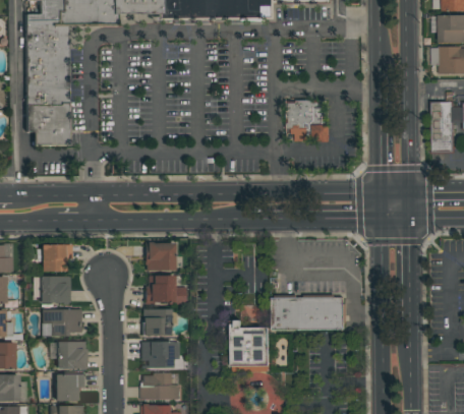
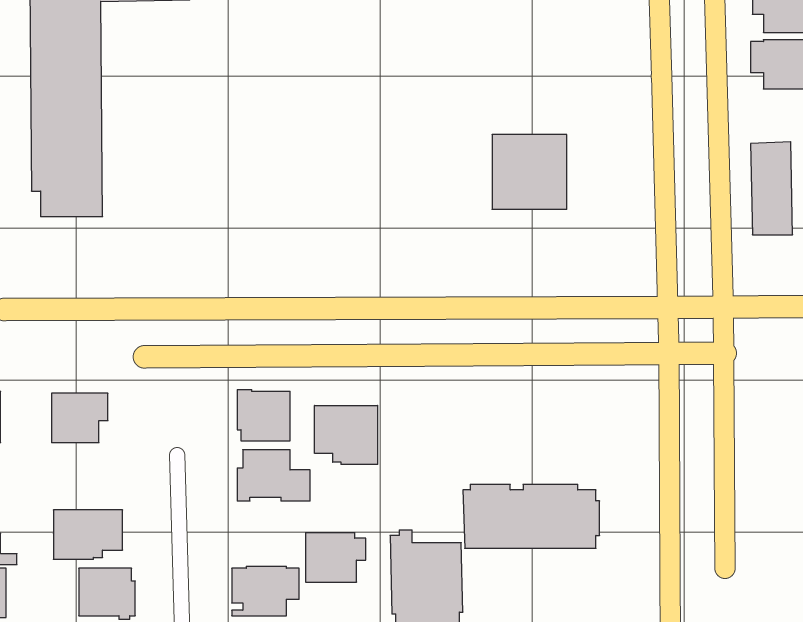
building: none -> [315,405,378,464]
building: [32,276,69,304] -> none
building: [141,308,175,336] -> [306,533,366,582]

